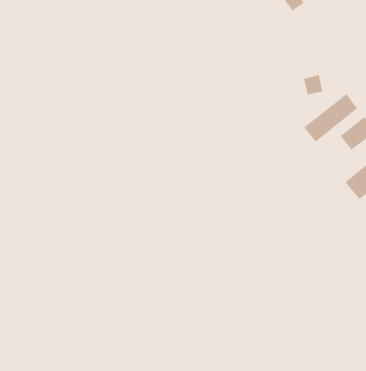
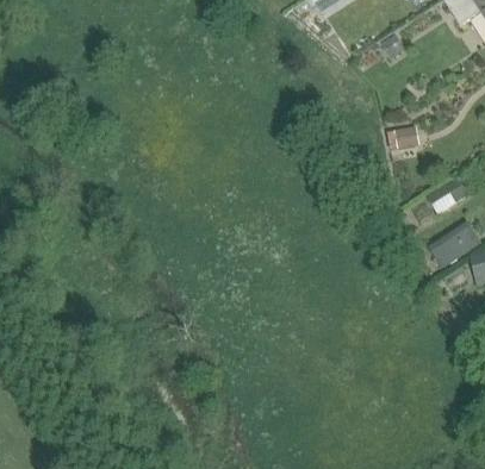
building: [303,93,358,142] -> none

